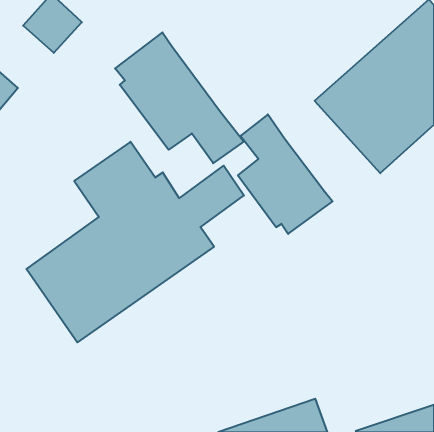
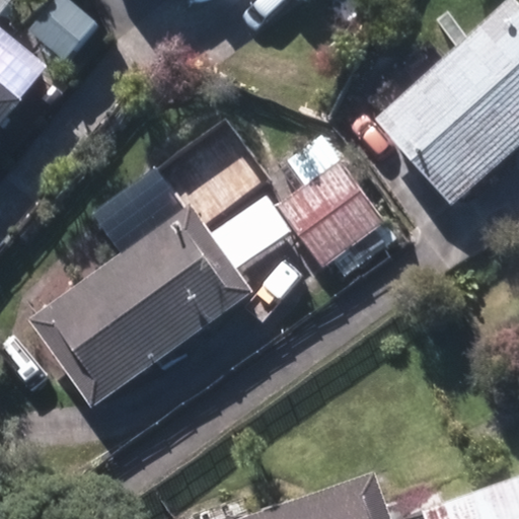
building: [115,32,244,163] -> none

